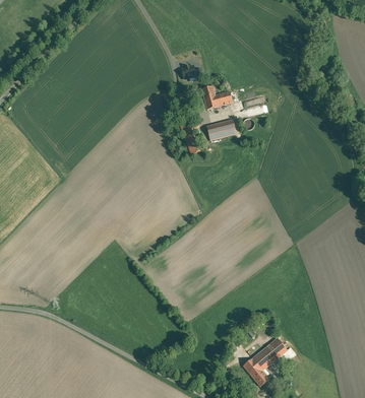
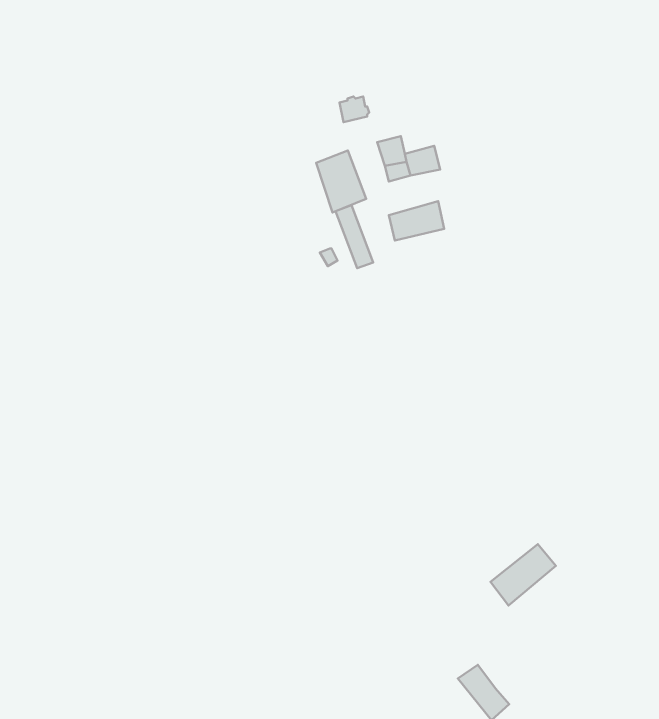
building: none -> [316,151,366,212]
building: [253,338,287,370] -> [491,544,556,605]

